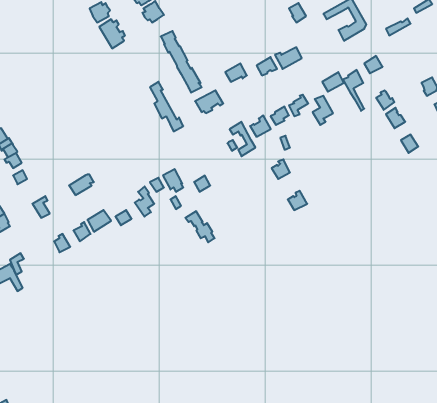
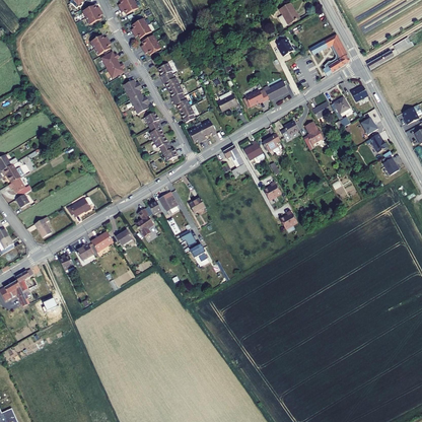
building: none -> [124,79,150,113]

